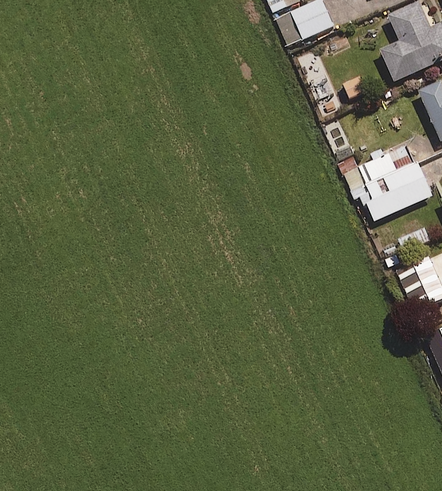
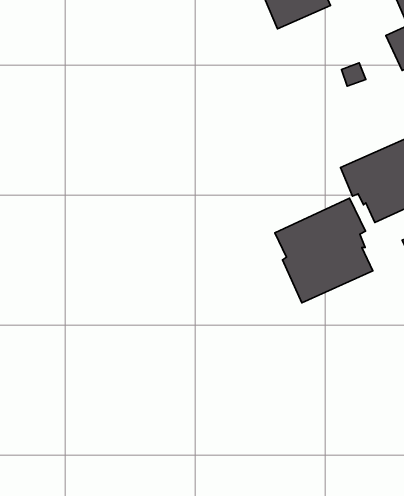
building: none -> [275,198,373,303]

